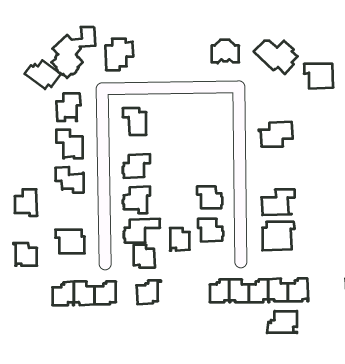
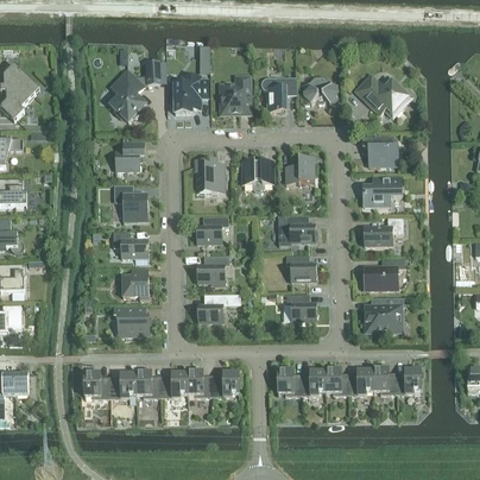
building: none -> [219,75,248,115]
building: none -> [260,77,296,113]
building: [25,60,61,89] -> none
building: [304,64,333,88] -> [362,138,398,168]
building: none -> [285,159,314,185]
building: none -> [241,162,273,192]
building: none -> [277,215,316,246]
building: none -> [364,217,403,246]
building: [15,189,37,216] -> [121,269,149,301]
building: [170,228,190,251] -> [277,370,301,397]
building: [13,243,37,266] -> [81,372,109,399]
building: [134,245,155,267] -> [187,371,213,398]
building: [267,311,297,333] -> none

